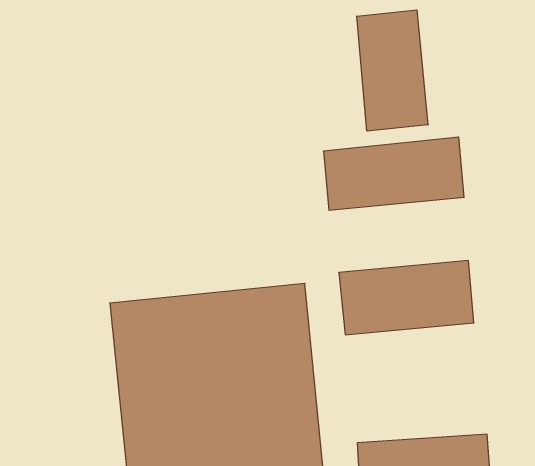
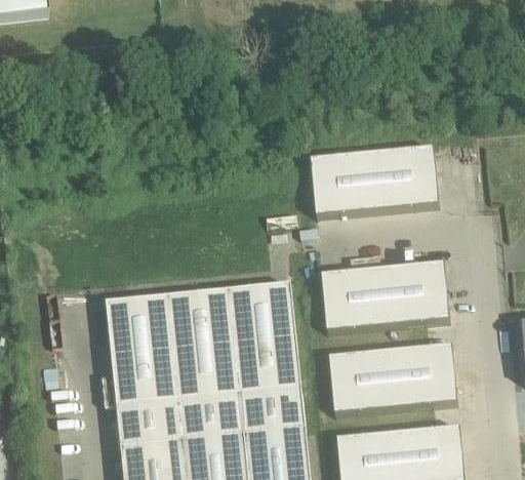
building: [357,10,428,131] -> none
building: none -> [327,343,456,411]

